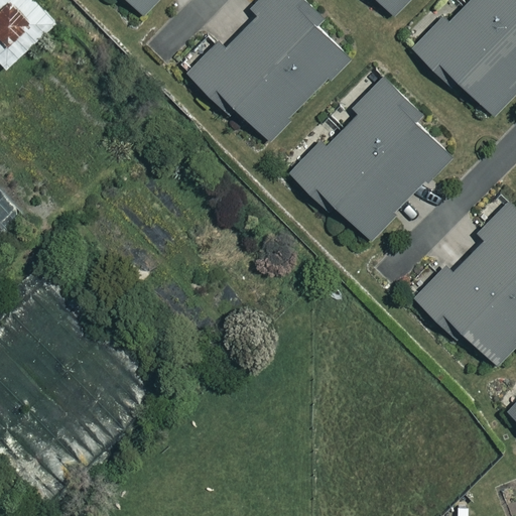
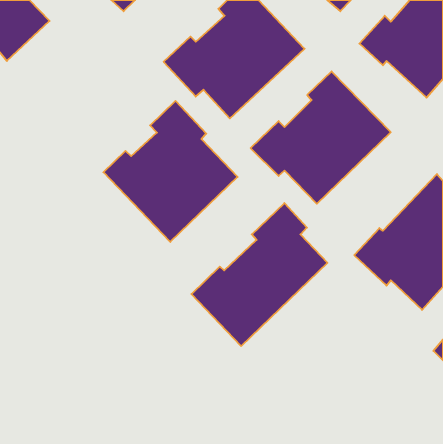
building: none -> [103,101,238,242]
building: none -> [191,203,327,346]

